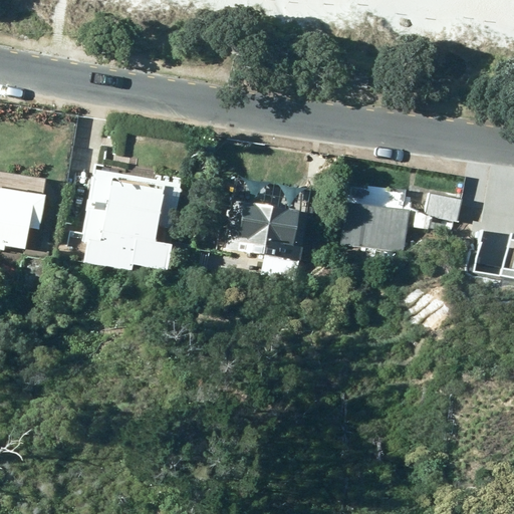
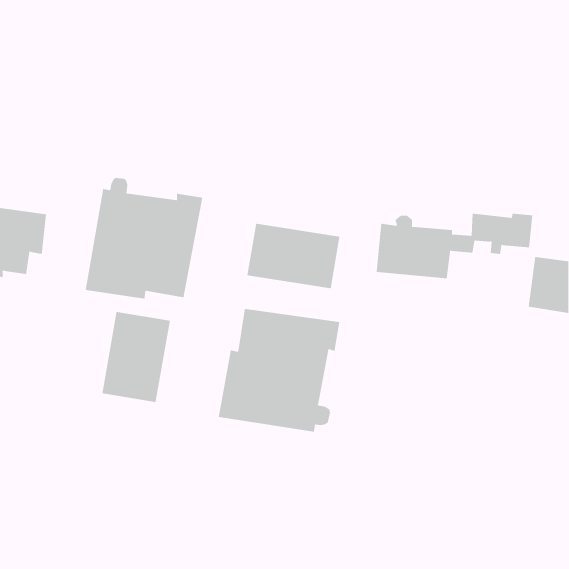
building: none -> [218,308,340,433]
building: none -> [102,311,170,403]

